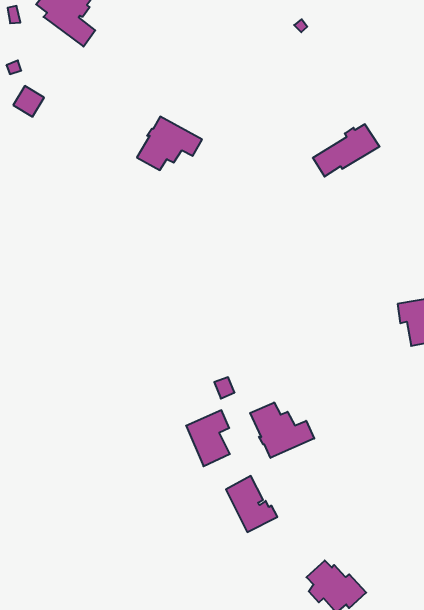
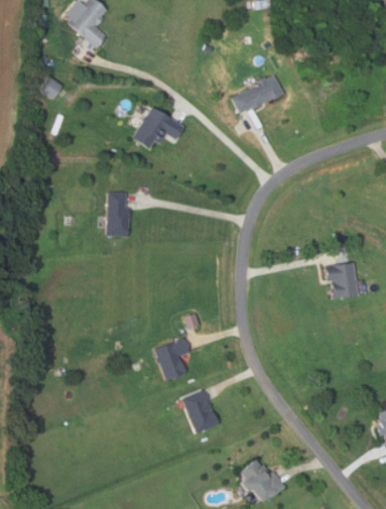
building: [313,124,380,177] -> [230,75,282,113]
building: none -> [106,190,131,236]
building: [250,402,314,458] -> none

